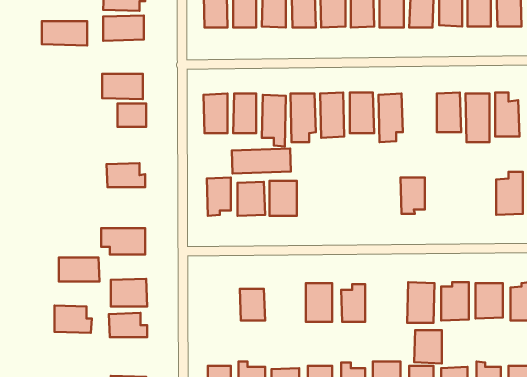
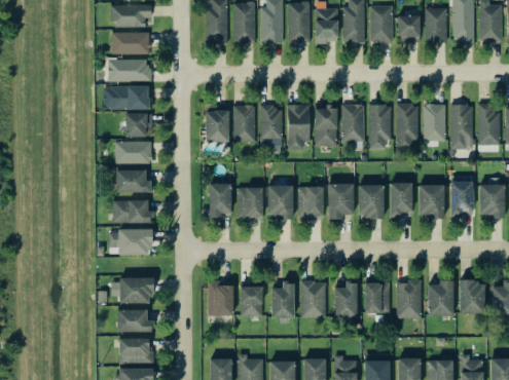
building: [42,21,87,45] -> [108,60,150,82]
building: none -> [397,104,419,149]
building: none -> [115,141,152,164]
building: [232,149,291,173] -> none
building: none -> [450,181,473,217]
building: none -> [328,184,354,220]
building: none -> [358,185,384,219]
building: none -> [419,185,444,218]
building: none -> [299,187,324,218]
building: [59,257,99,282] -> [113,200,151,223]
building: none -> [208,281,233,316]
building: none -> [271,281,294,318]
building: [54,305,92,333] -> [119,338,154,364]
building: [414,330,442,363] -> [364,282,390,313]

